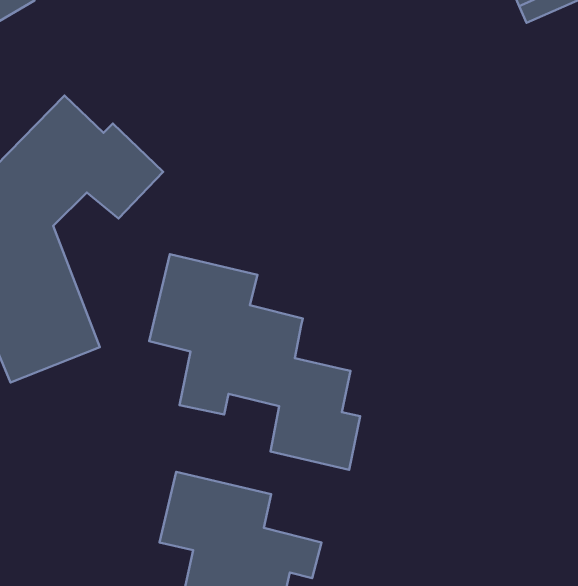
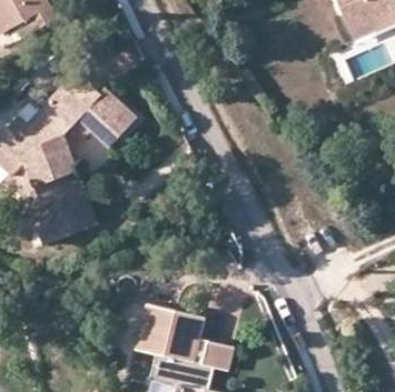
building: [149,254,360,470] -> none

